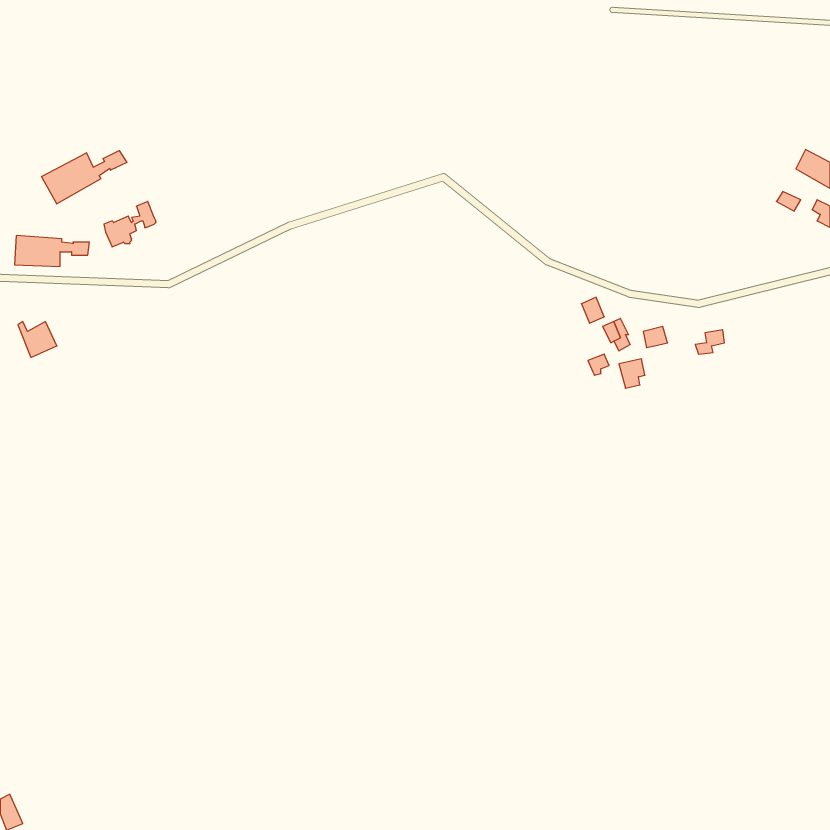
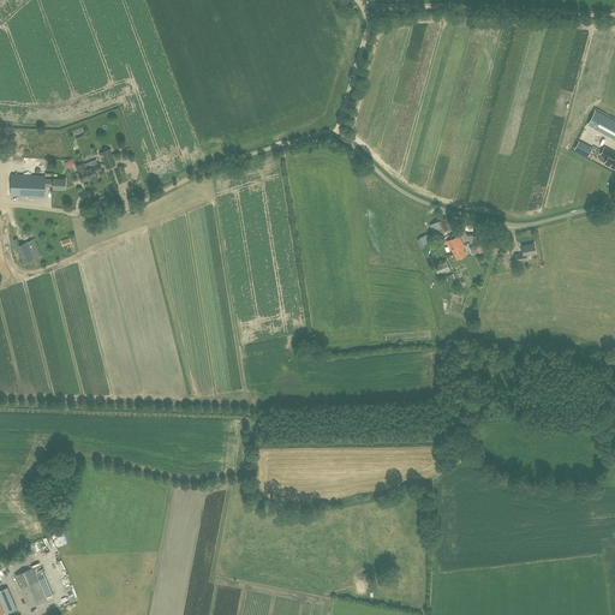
building: [42,151,127,204] -> none
building: none -> [16,568,47,608]

